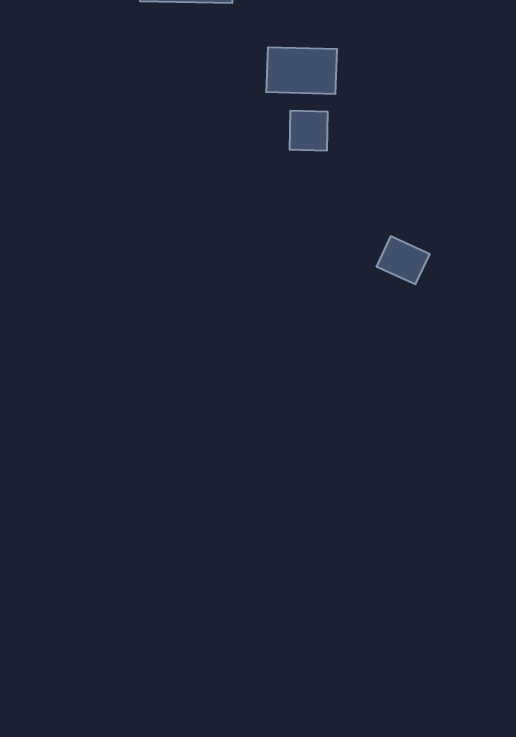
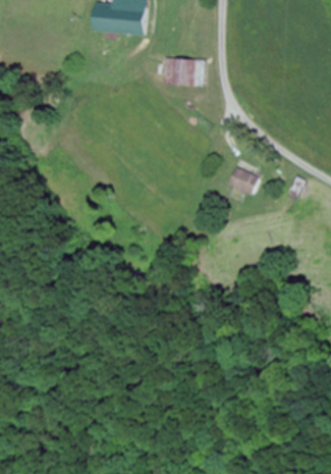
building: [290,111,327,151] -> none

